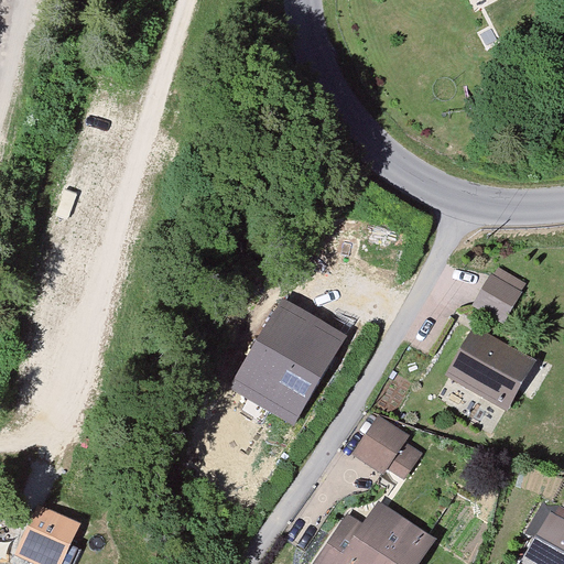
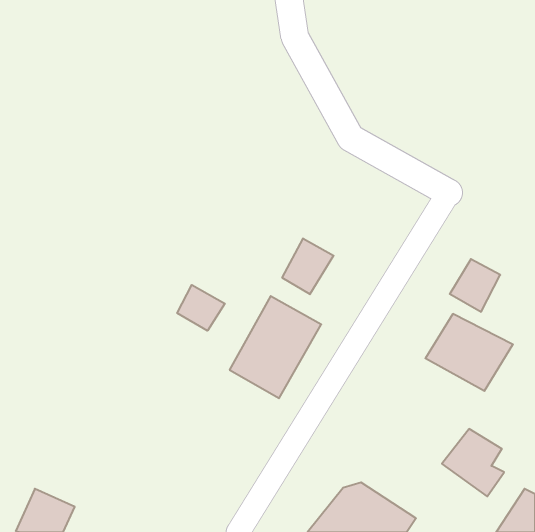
building: none -> [282,238,334,294]
building: none -> [177,285,225,331]
building: [351,416,416,487] -> [442,429,504,496]

